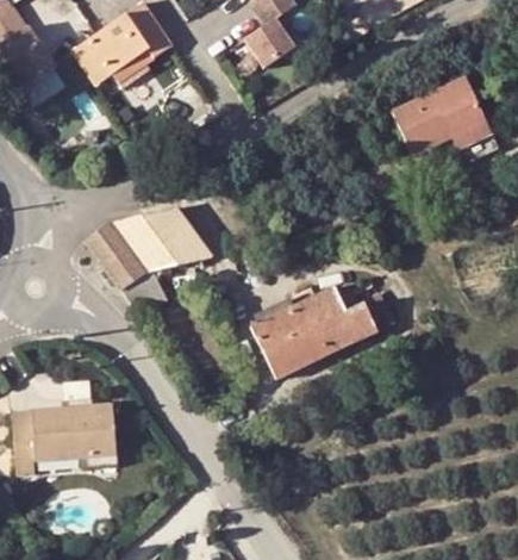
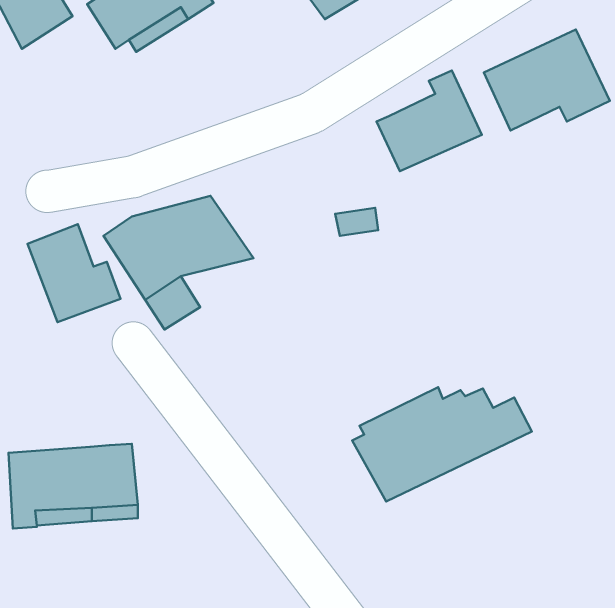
building: none -> [377,70,482,171]
building: none -> [28,224,120,322]
building: [248,286,392,378] -> [352,387,532,501]

